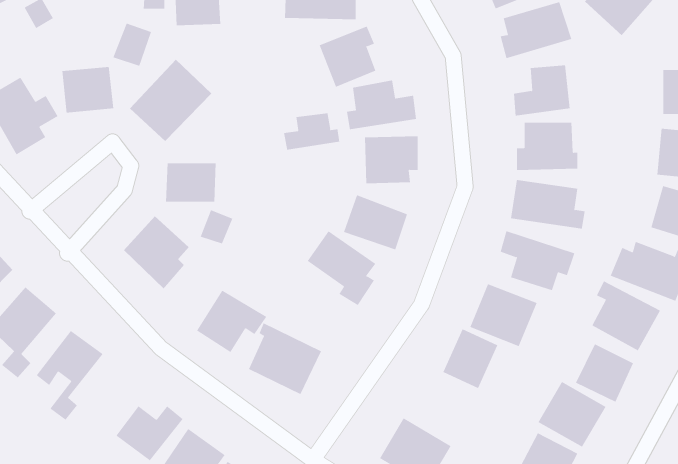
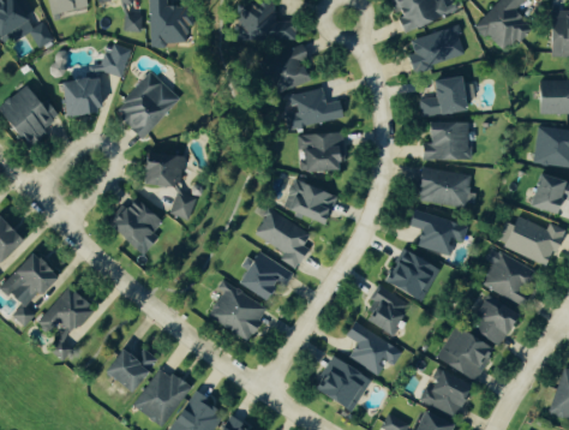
building: [284,113,340,151] -> none
building: [196,290,267,353] -> [238,250,294,300]
building: none -> [346,321,403,375]

